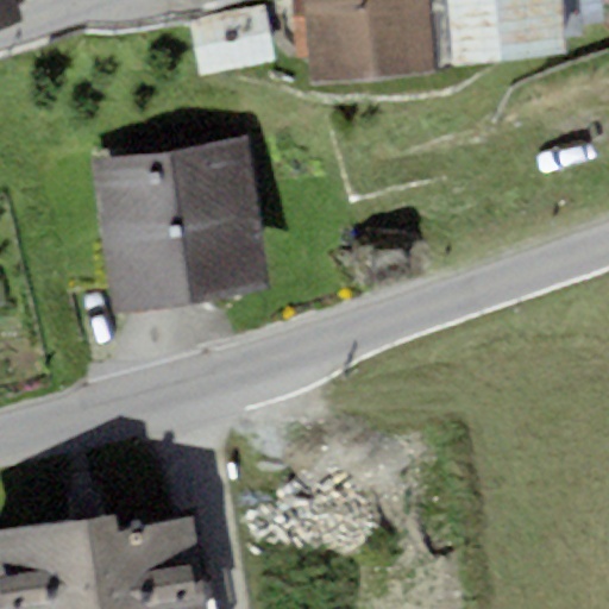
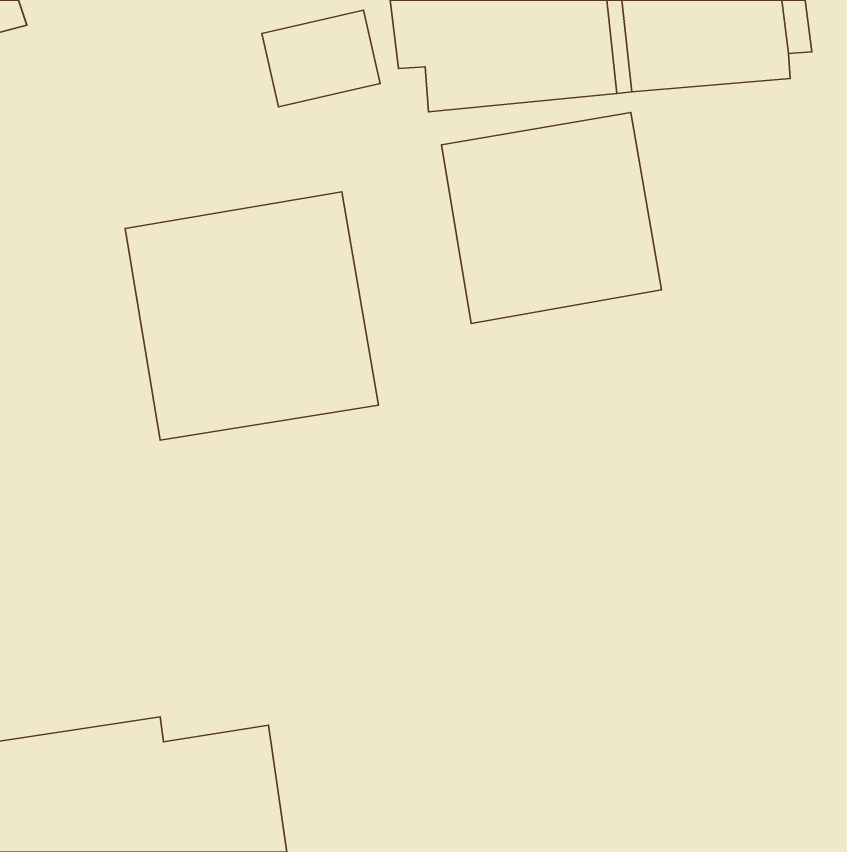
building: none -> [441,113,661,324]

